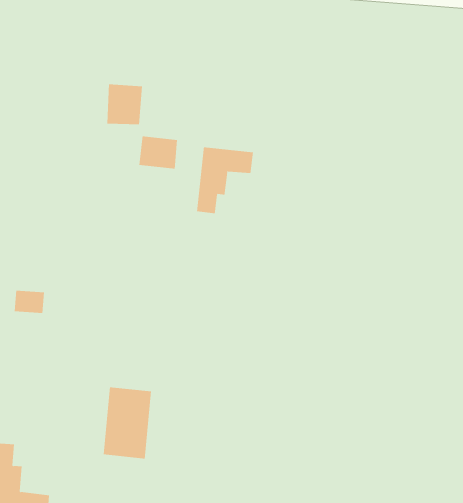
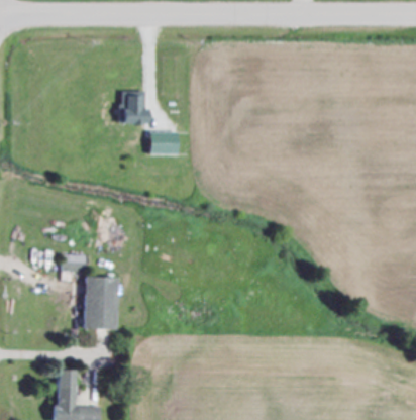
building: [196,146,254,214] -> none
building: [103,387,152,459] -> [84,277,117,329]

